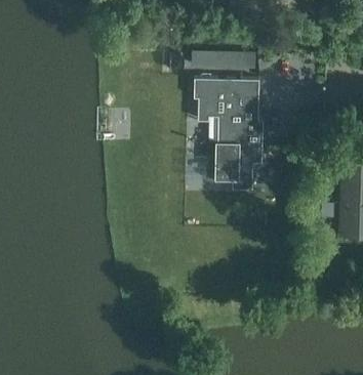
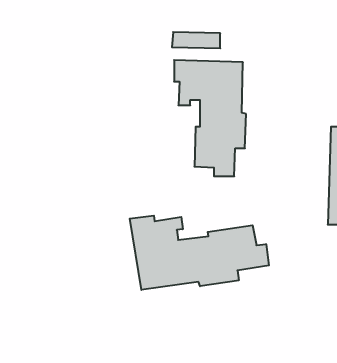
building: none -> [130,216,269,290]

